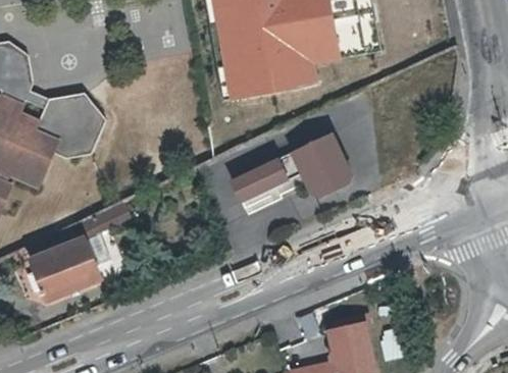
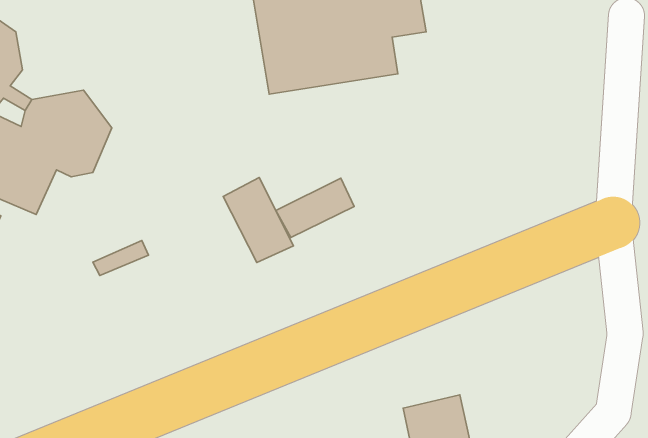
building: [286,132,354,203] -> none
building: none -> [223,178,293,263]
building: [23,237,100,306] -> none

